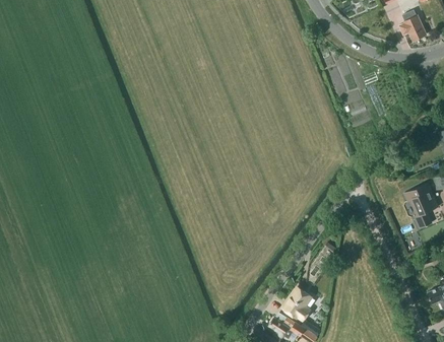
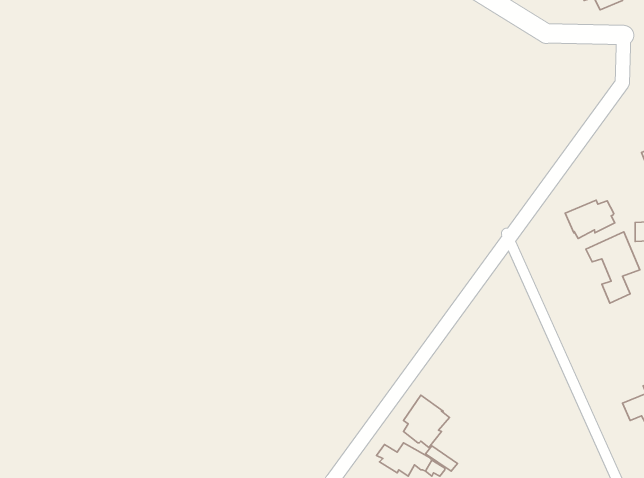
building: none -> [565,200,615,239]

